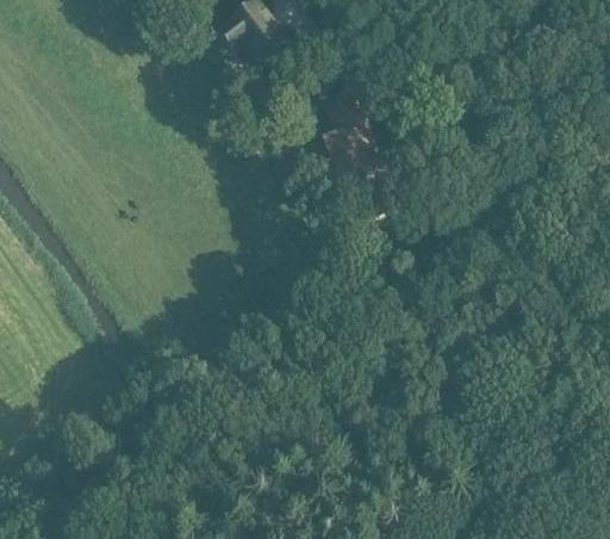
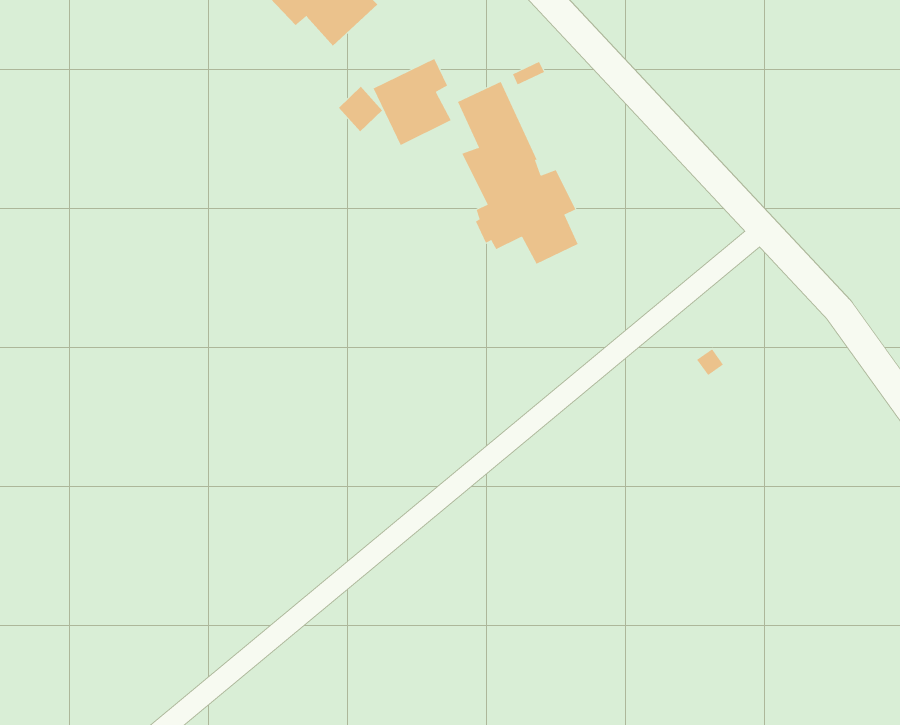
building: none -> [373,58,452,146]

